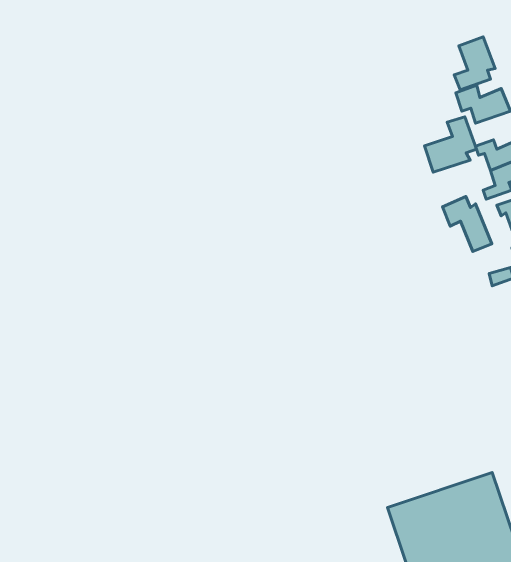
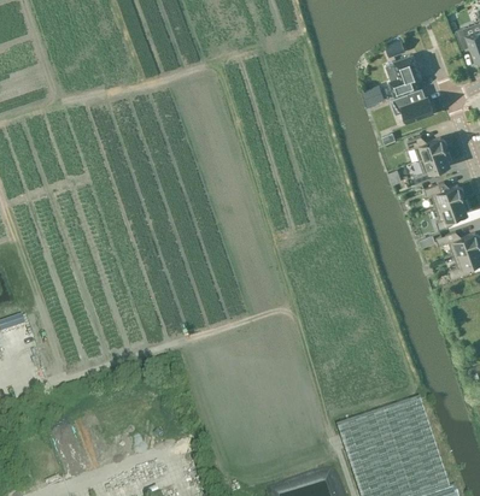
building: [425,117,476,172] -> none
building: [443,196,492,251] -> none

